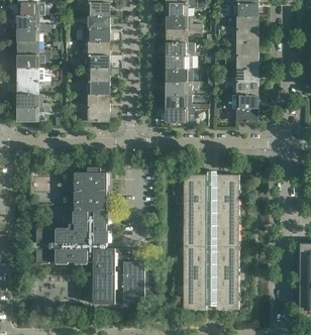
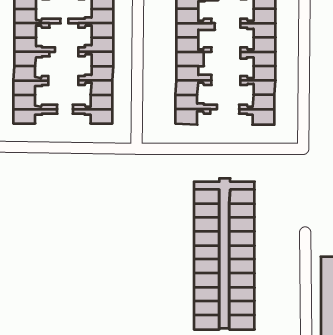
building: [35,173,144,304] -> none

